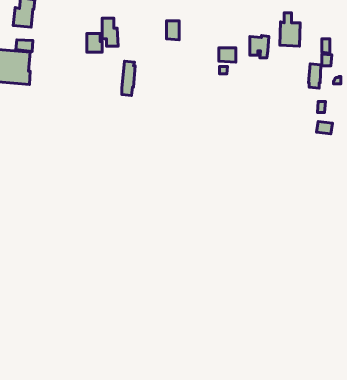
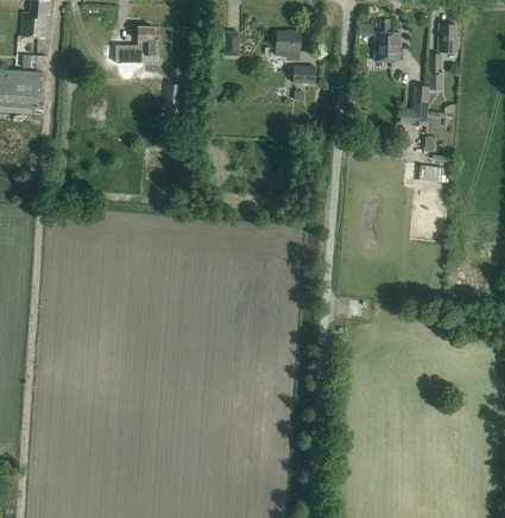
building: none -> [437,24,457,52]
building: [250,36,269,58] -> [276,30,301,59]

